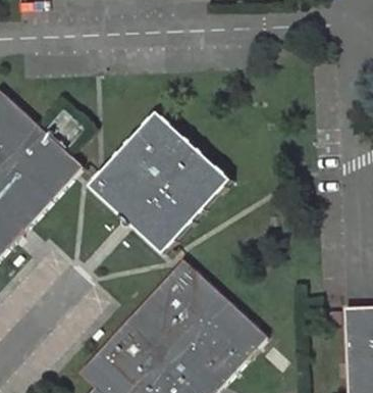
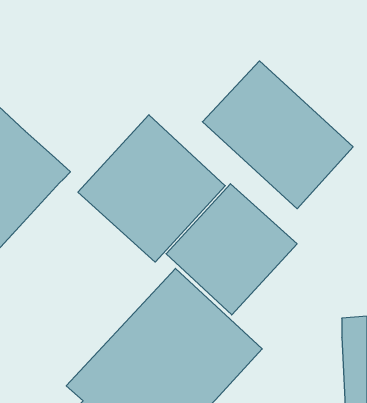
building: none -> [202,61,353,209]
building: none -> [166,184,297,315]

